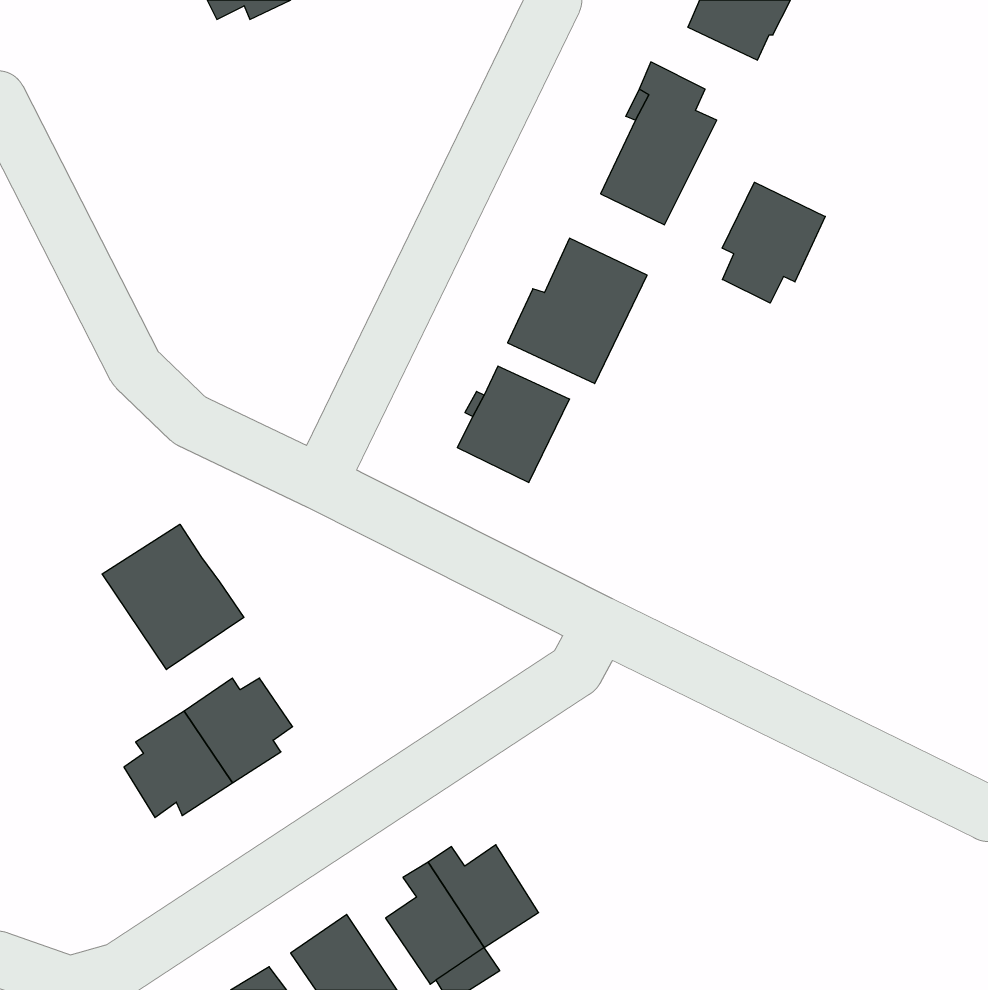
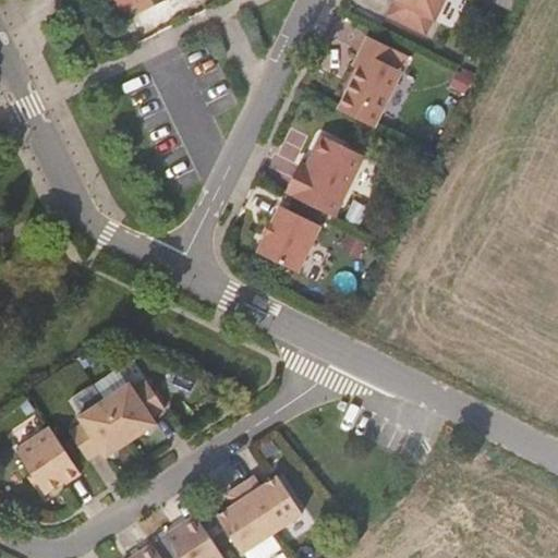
building: [722,182,825,303] -> none
building: [102,524,244,670] -> none
building: none -> [15,427,81,493]

